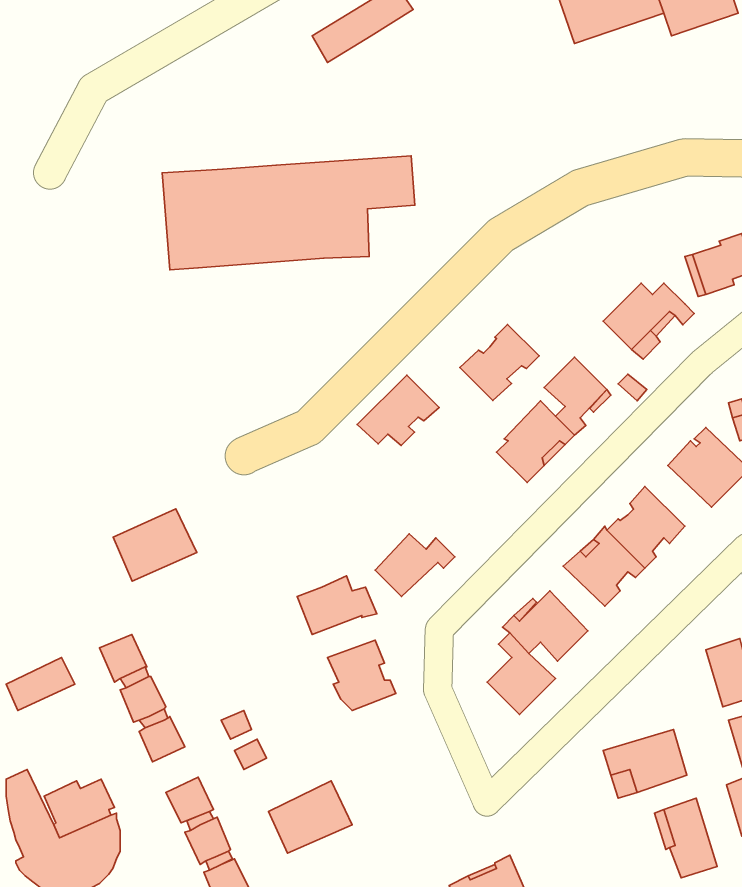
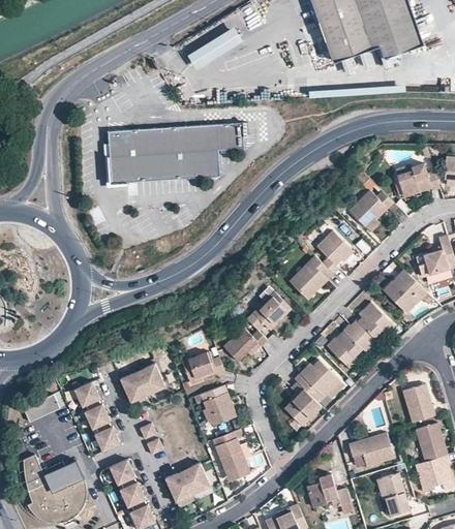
building: [460,324,539,401] -> none
building: [357,375,439,446] -> [245,291,290,330]
building: [113,509,197,581] -> [120,364,165,403]
building: none -> [213,428,251,478]
building: none -> [305,472,350,505]

